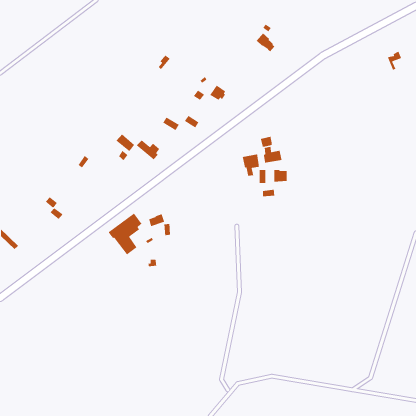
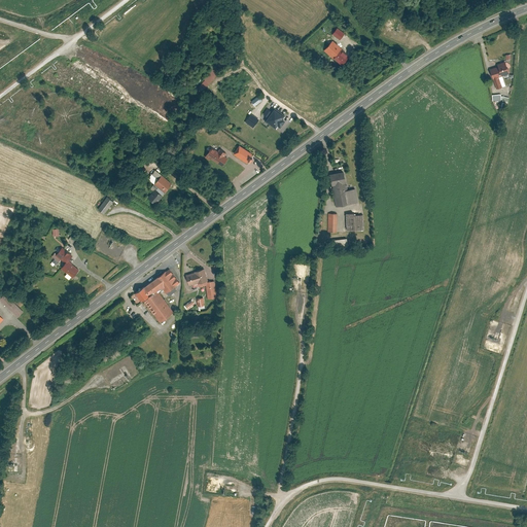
building: [136,139,160,161] -> none
building: [242,154,260,177] -> none

